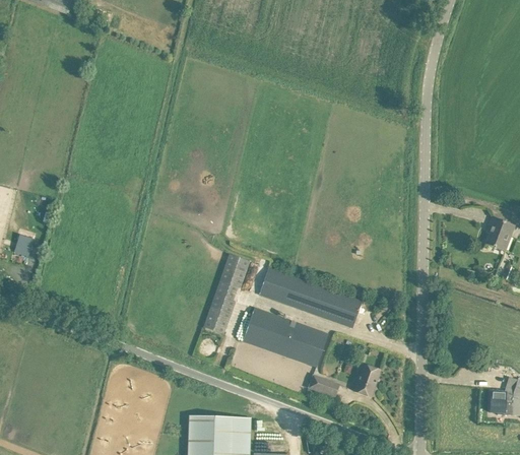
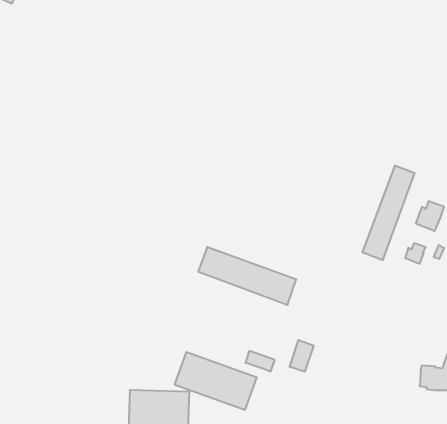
building: none -> [362,166,415,260]
building: [203,254,249,333] -> none
building: [243,307,328,367] -> [175,352,257,410]

